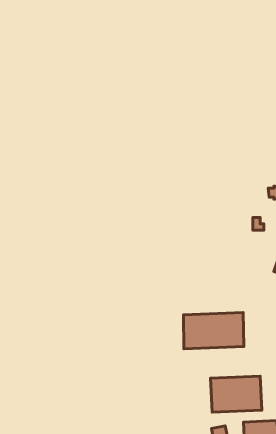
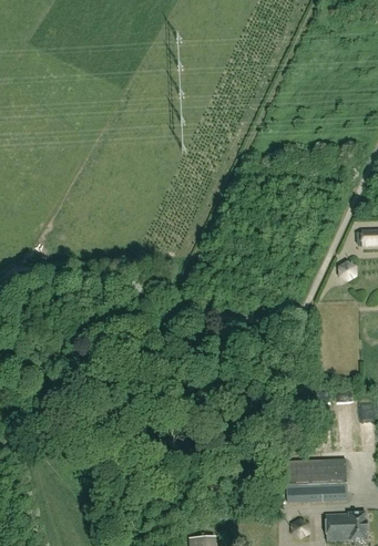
building: [183,313,244,349] -> none

